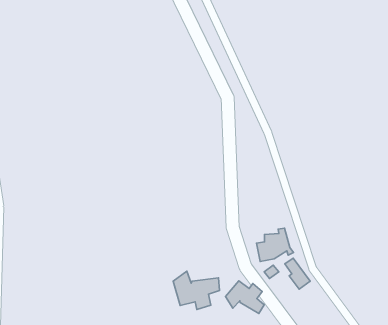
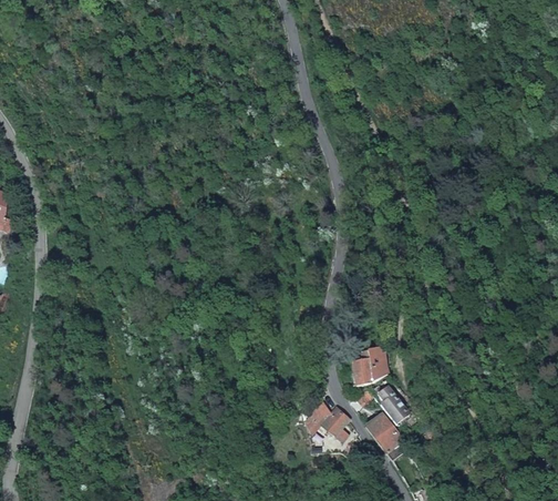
building: [173,271,220,310] -> none
building: none -> [368,413,401,452]

